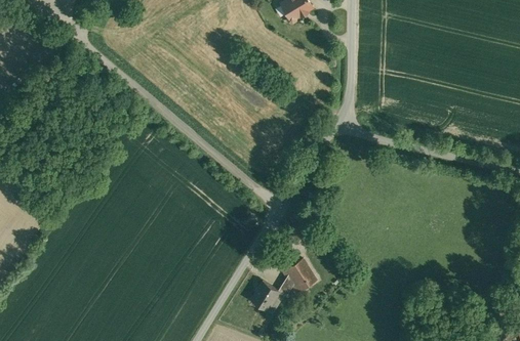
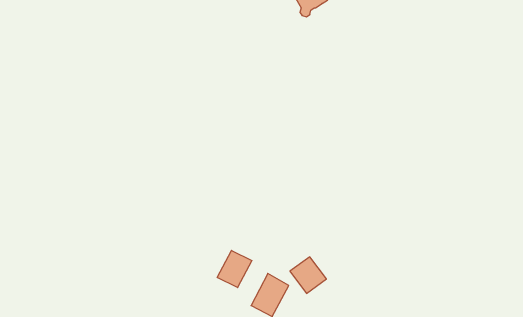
building: none -> [217,250,252,288]

